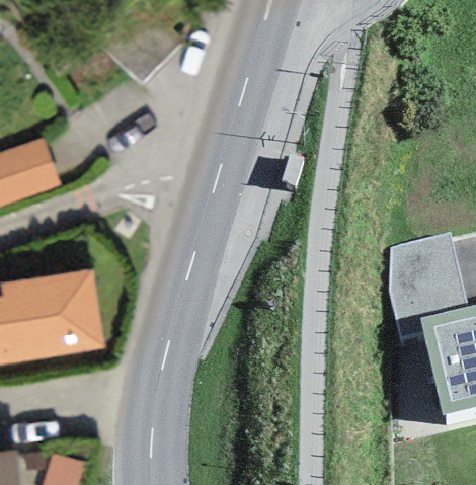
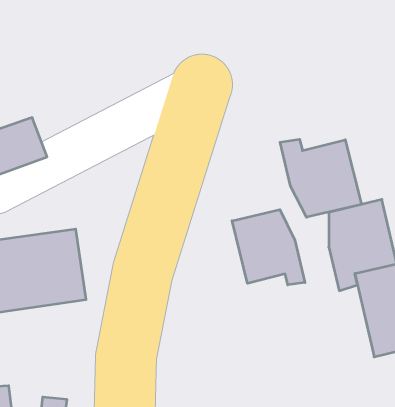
building: none -> [280,139,361,217]
building: none -> [232,210,305,285]

